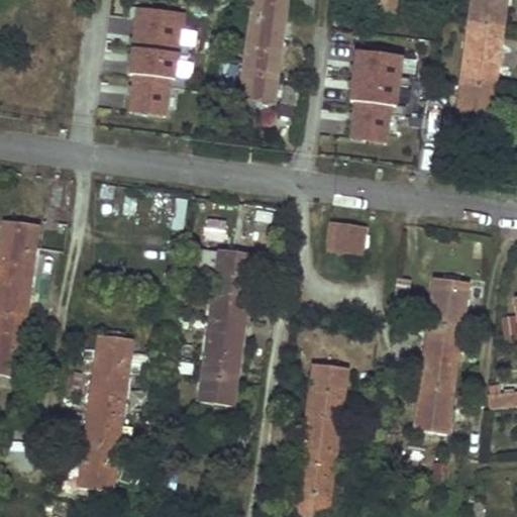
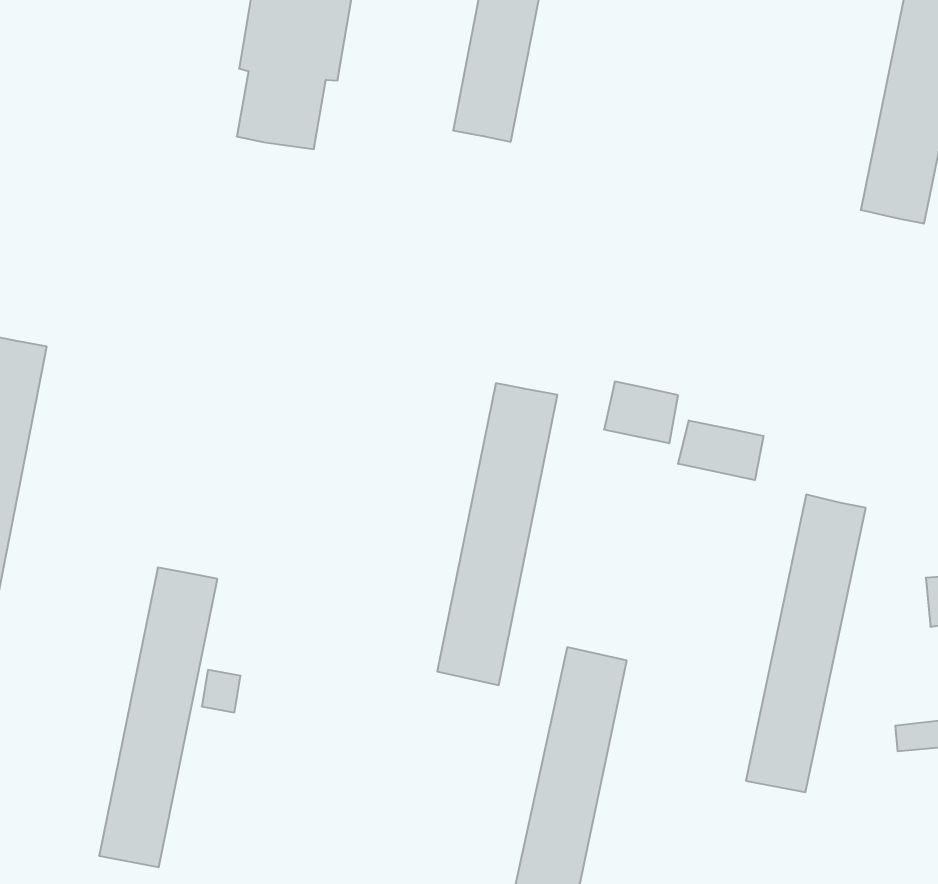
building: [350,51,404,141] -> none
building: none -> [678,420,764,480]
building: [199,248,252,405] -> [437,383,557,685]

